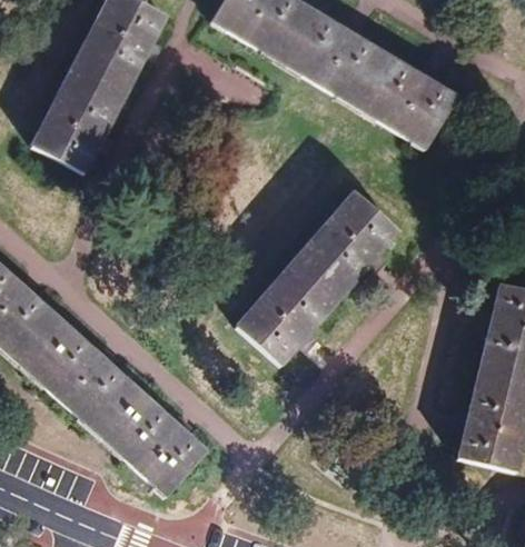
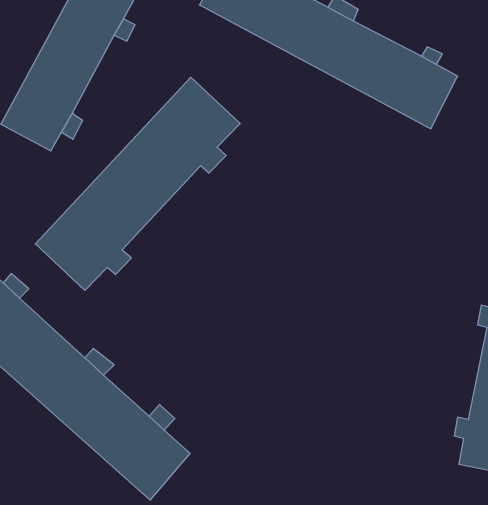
building: none -> [35,77,240,290]
building: [238,195,398,361] -> none

